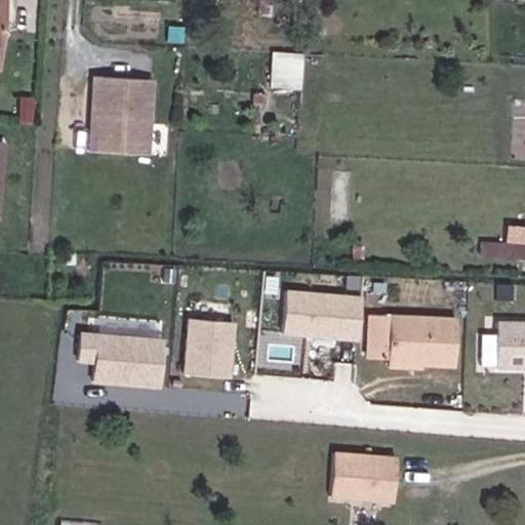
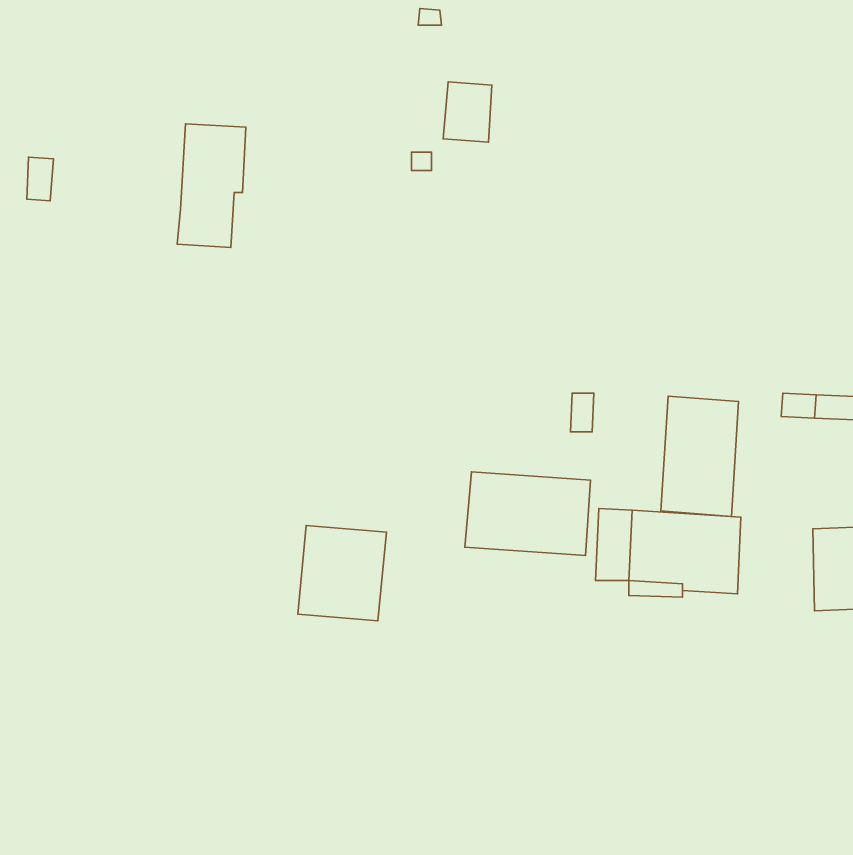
building: [92,75,115,150] -> none
building: none -> [661,396,738,516]
building: [94,333,164,389] -> none
building: [325,453,393,500] -> none

